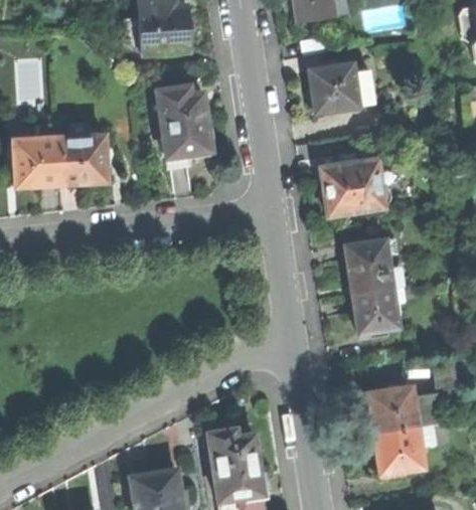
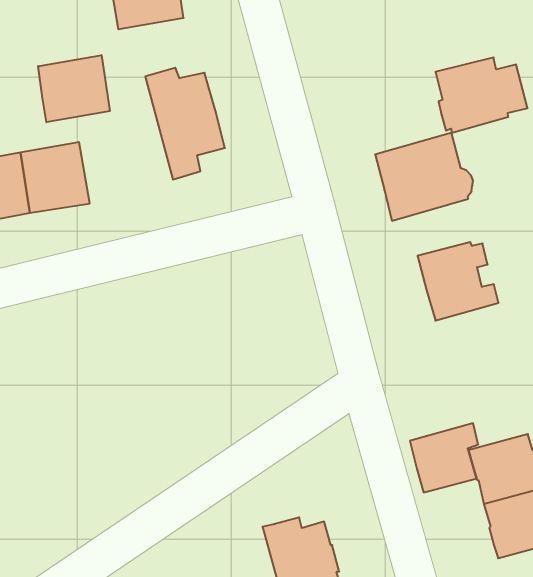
building: [309,61,374,114] -> [435,57,528,133]
building: none -> [38,55,110,122]
building: [352,286,403,333] -> [410,423,478,492]

